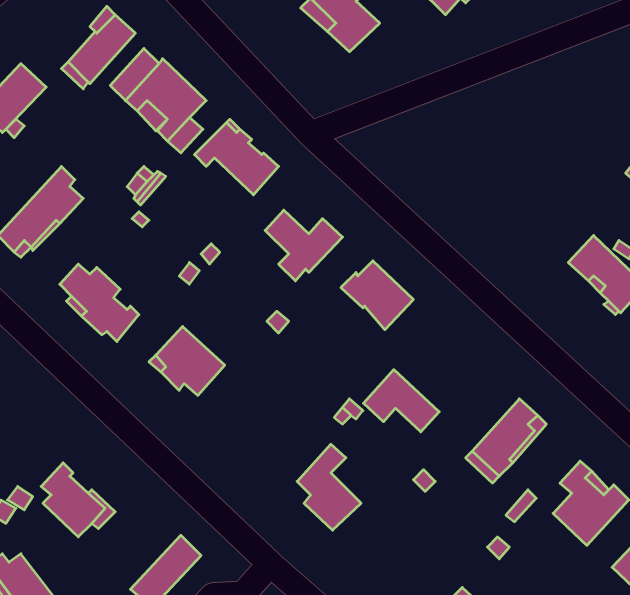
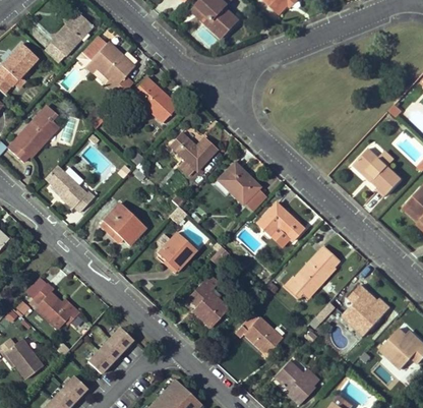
building: [363,370,439,432] -> [257,202,303,240]
building: none -> [159,233,195,273]
building: none -> [236,311,282,354]

